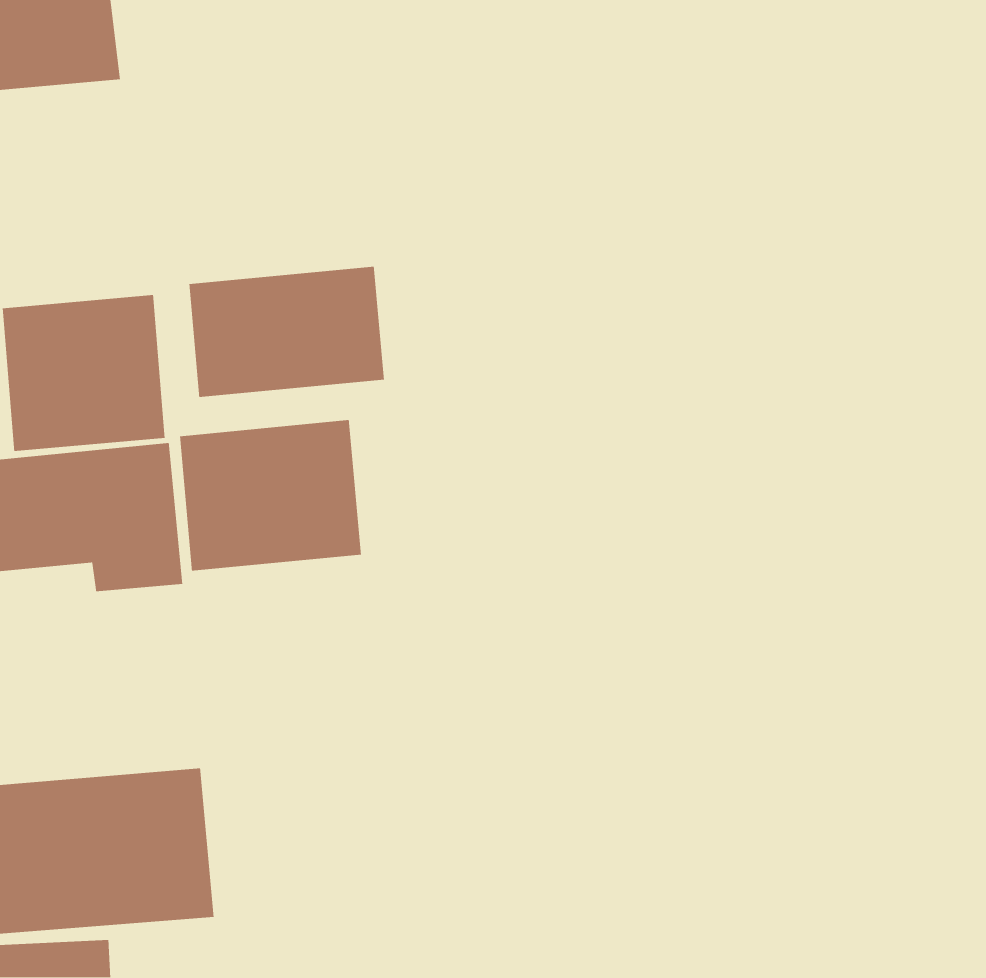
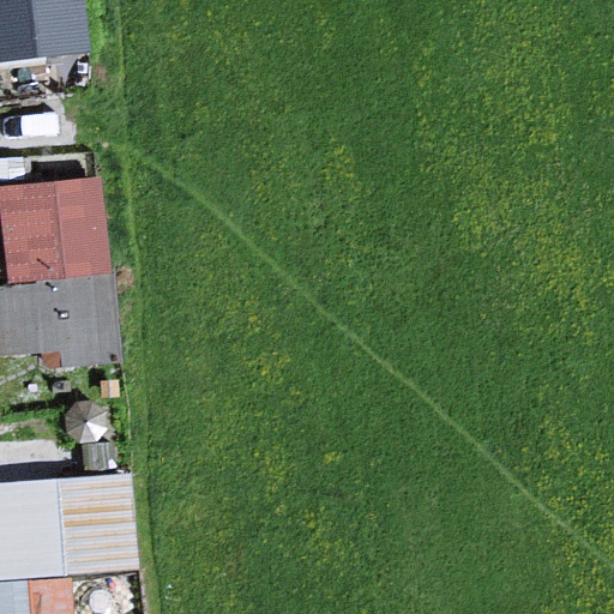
building: [188,266,385,398] -> none
building: [179,419,362,572] -> none

